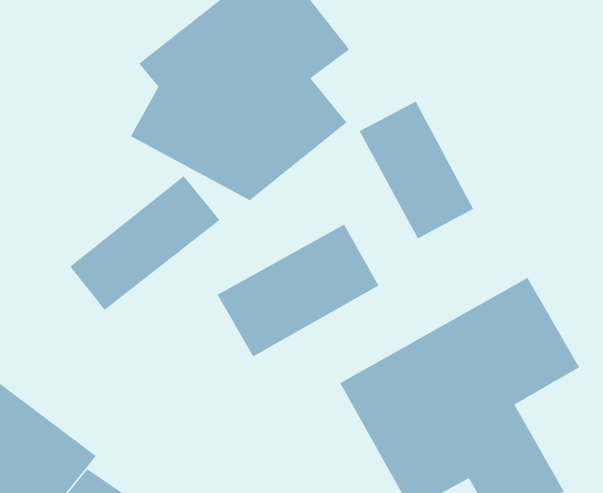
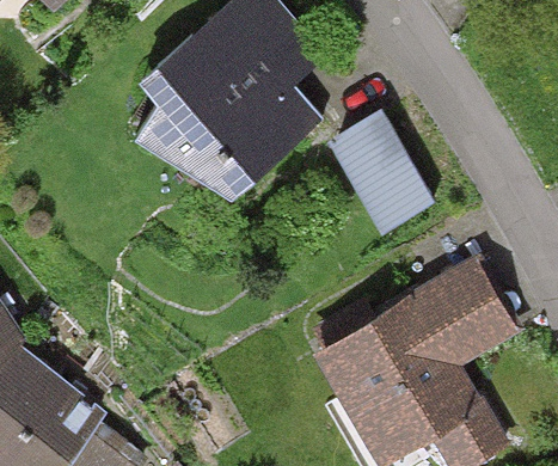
building: [69,175,220,311] -> none
building: [216,223,379,358] -> none

